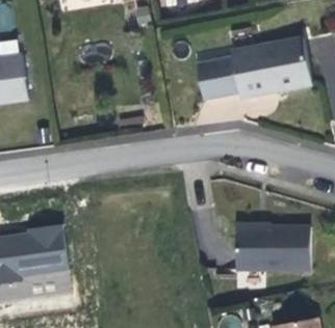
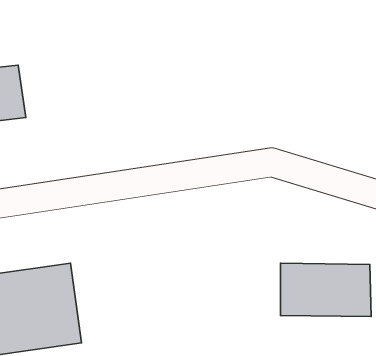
building: [192,40,308,102] -> none

